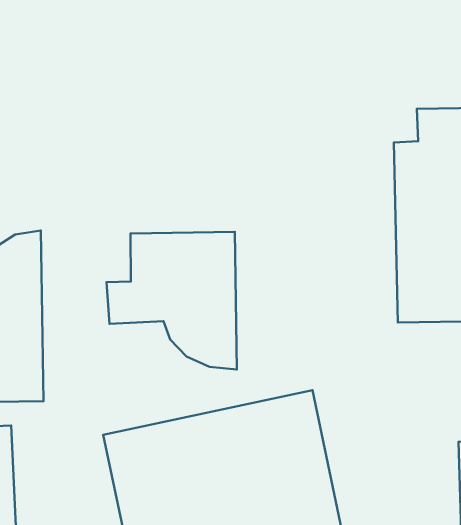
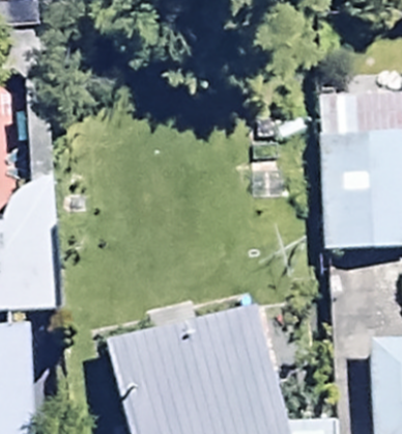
building: [106,232,237,369] -> none

